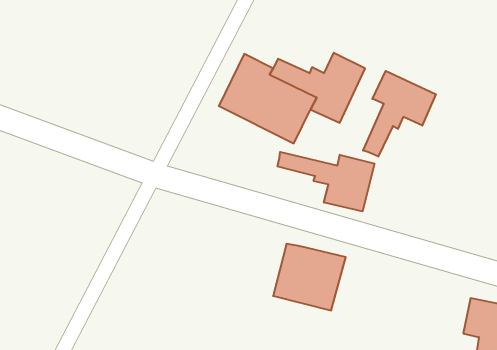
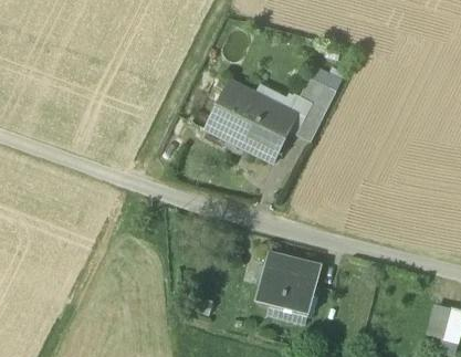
building: [363,71,436,157] -> none
building: [278,152,374,211] -> none

